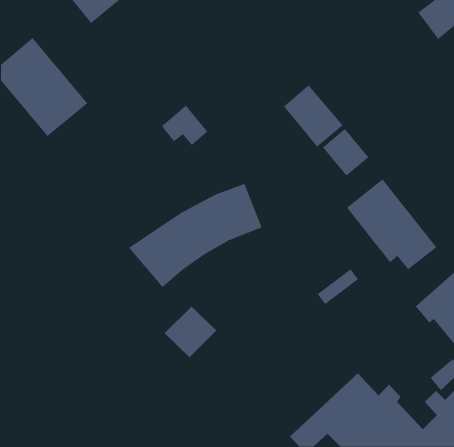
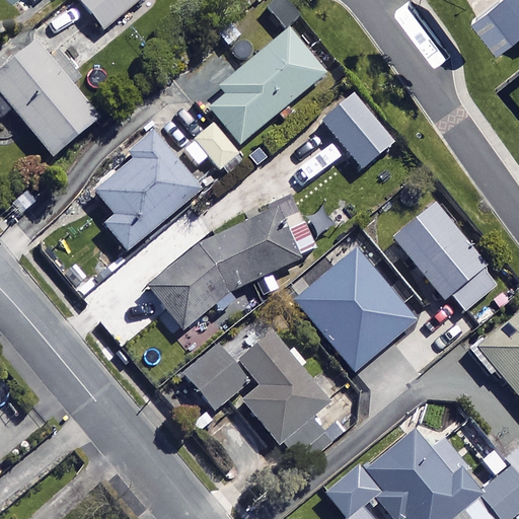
building: none -> [208,27,326,142]
building: none -> [96,130,202,251]
building: [322,128,369,177] -> none
building: none -> [297,258,382,342]
building: none -> [241,335,330,465]

